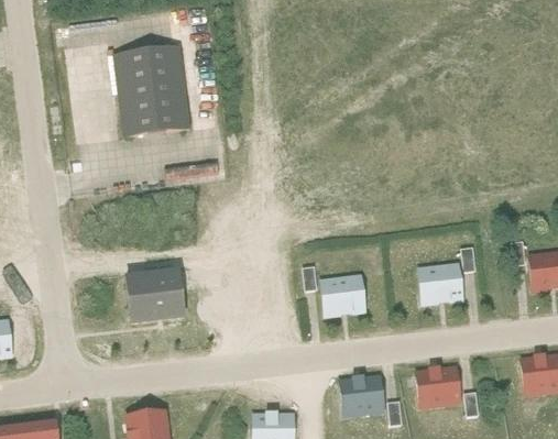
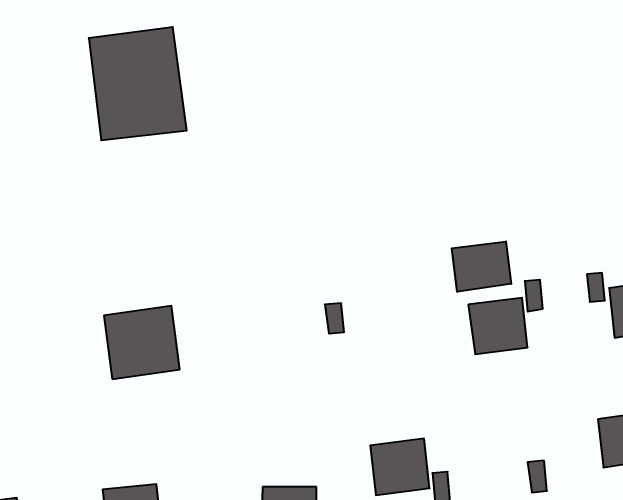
building: none -> [452,241,511,292]
building: [319,274,366,317] -> none
building: [415,364,461,408] -> none

